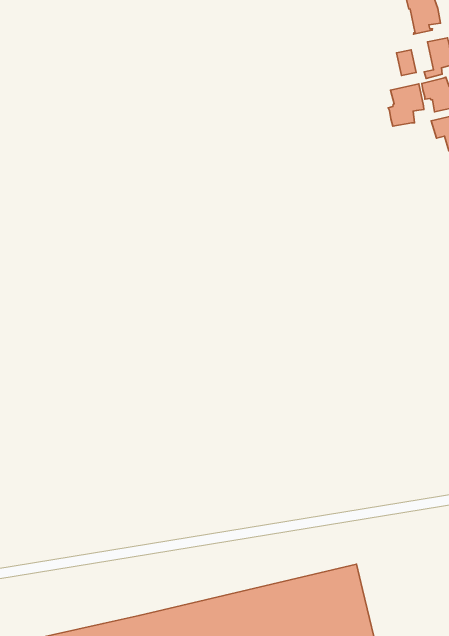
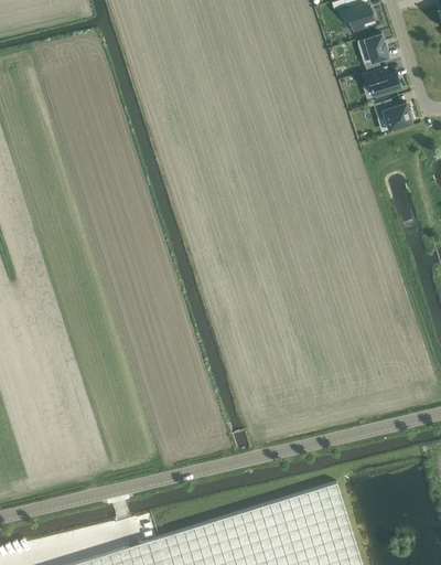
building: [388,84,424,126] -> none

